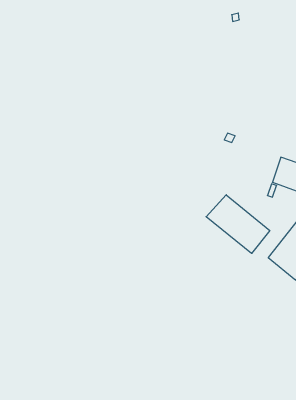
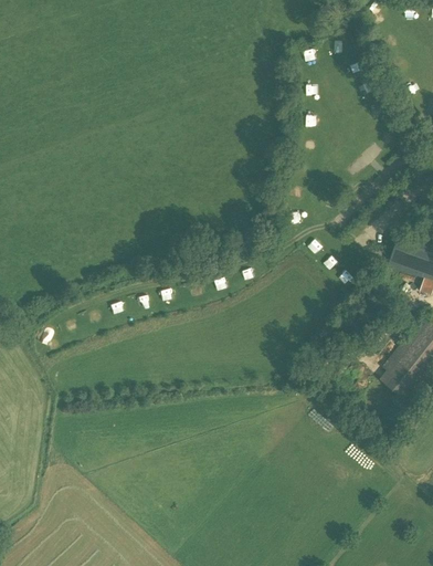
building: [206,195,270,253] -> none

